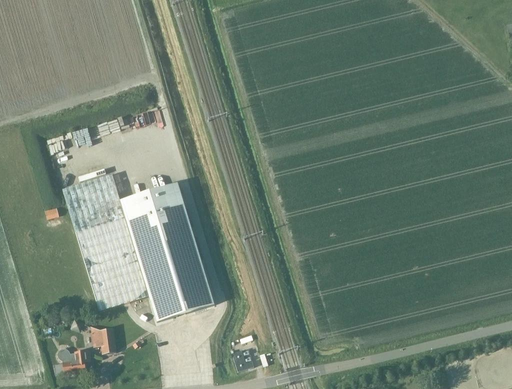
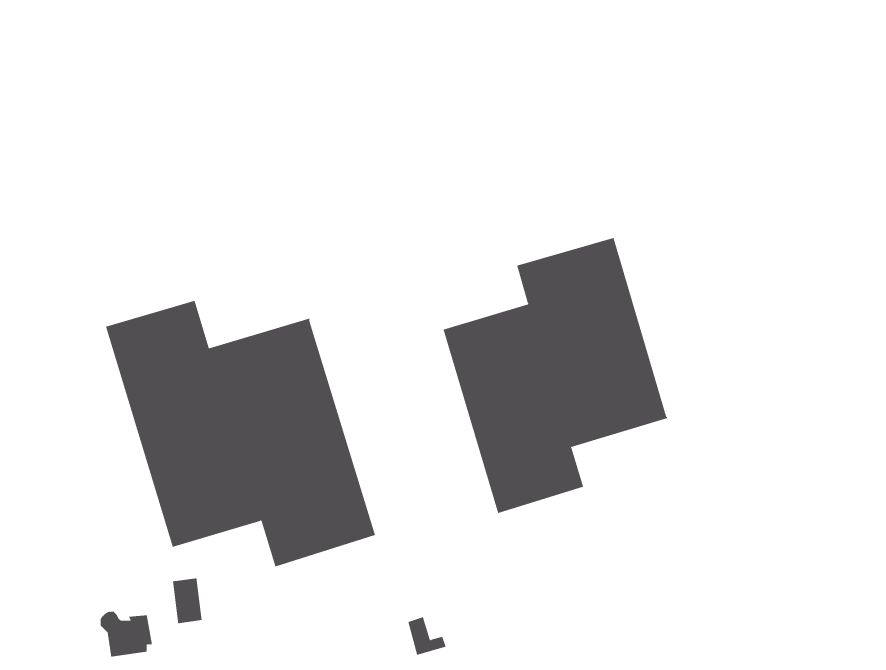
building: none -> [443,237,668,514]

